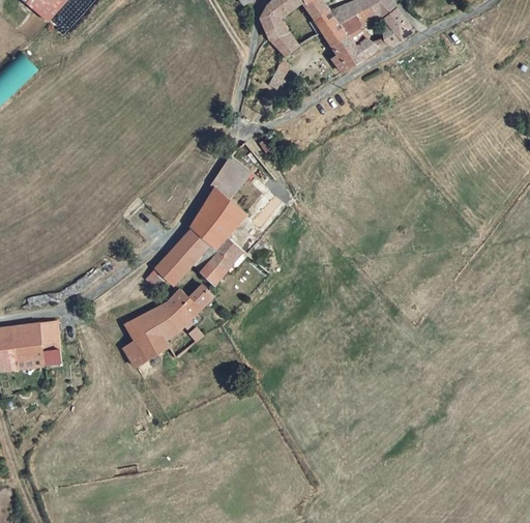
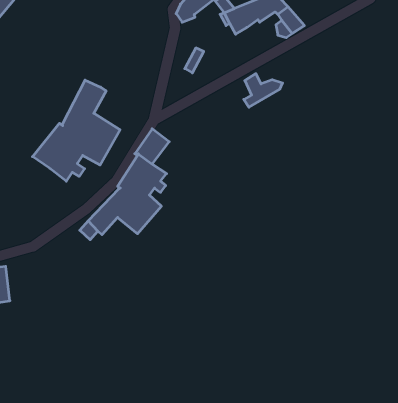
building: [271,29,300,56] -> none
building: [329,34,376,75] -> [244,74,283,107]
building: none -> [32,80,120,181]
building: [122,285,211,368] -> none

